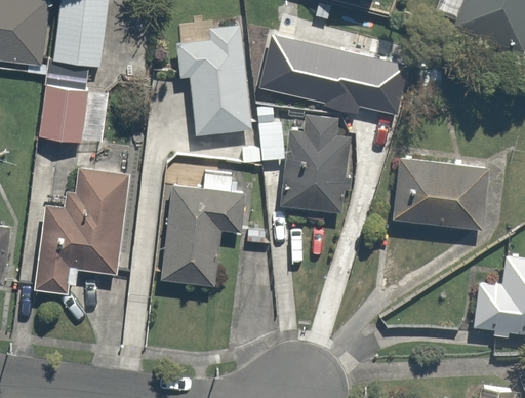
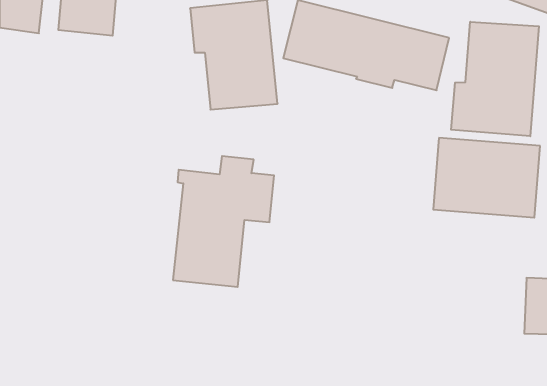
building: none -> [451,22,539,136]
building: [38,87,91,143] -> none
building: [278,116,350,214] -> none
building: [36,168,129,292] -> none

